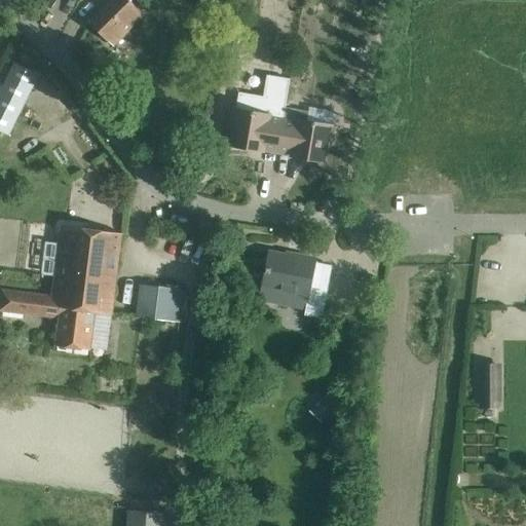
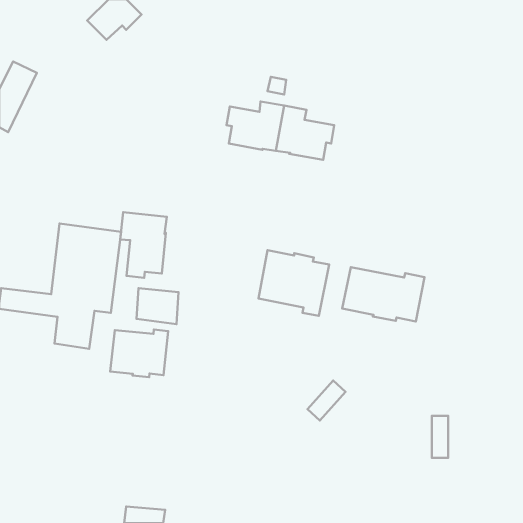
building: none -> [120,212,167,278]
building: none -> [342,267,425,321]
building: none -> [110,329,168,377]
building: [481,364,497,406] -> [432,416,448,458]

